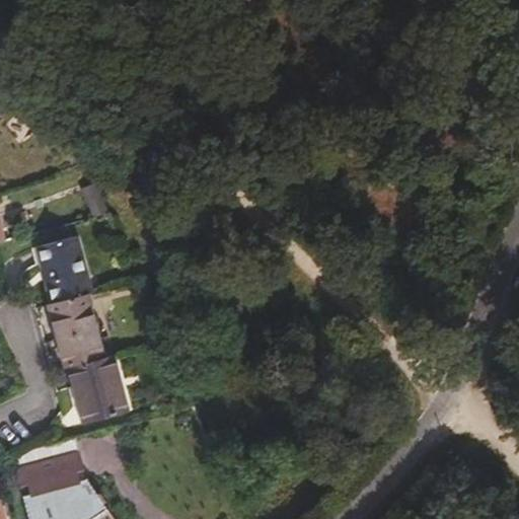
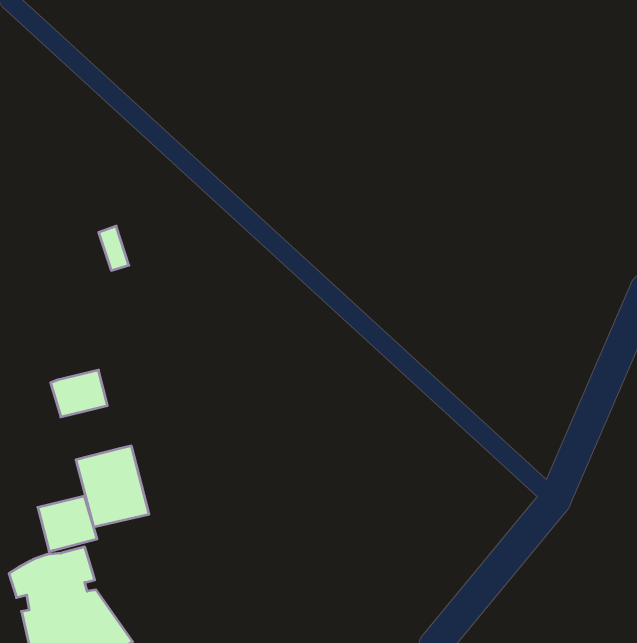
building: [38,241,92,307] -> none
building: [56,327,103,372] -> [38,496,97,552]

